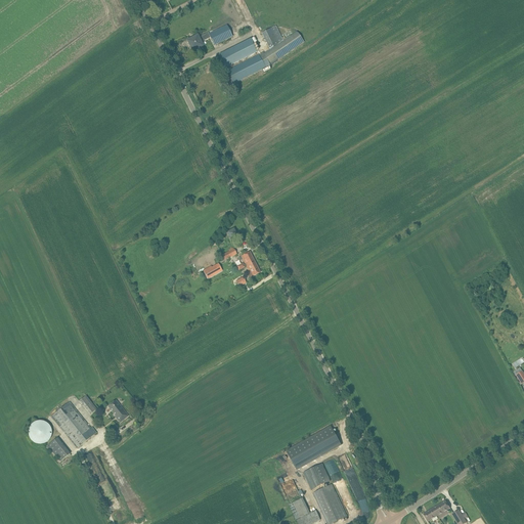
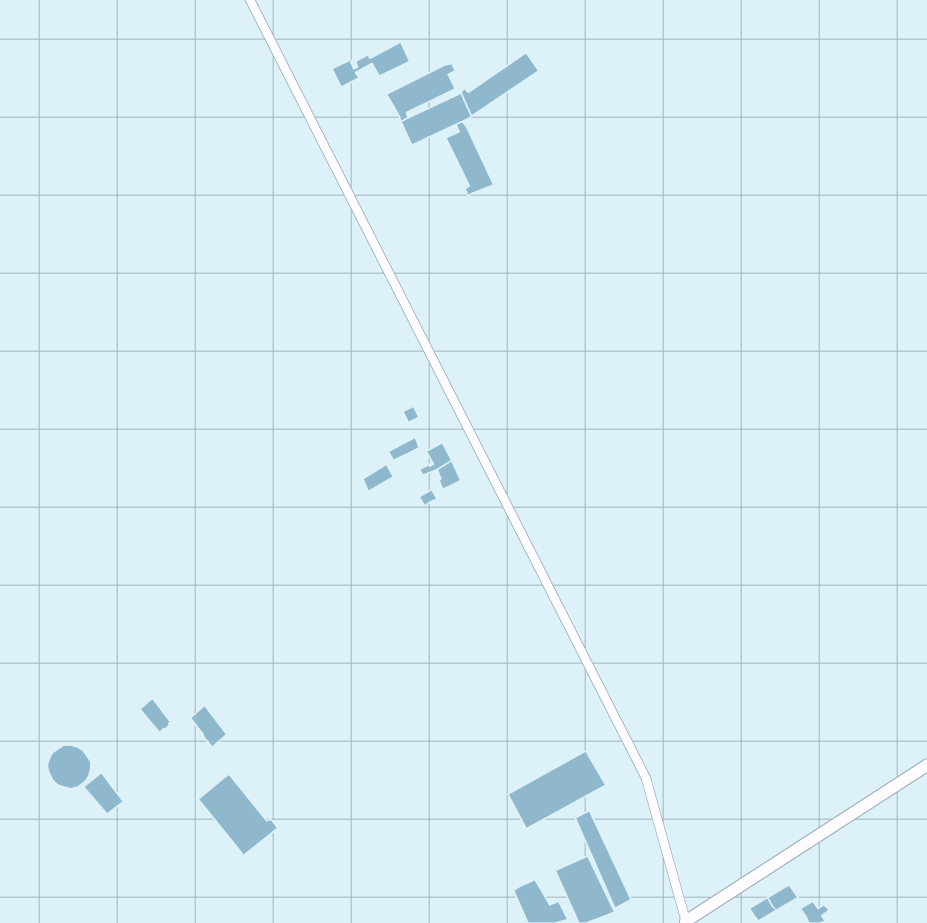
building: none -> [446,121,494,196]
building: [51,400,96,446] -> [198,774,278,855]
building: [303,464,330,490] -> none

